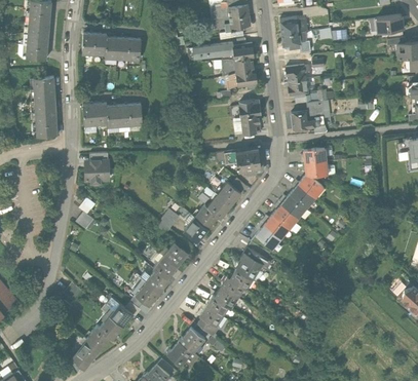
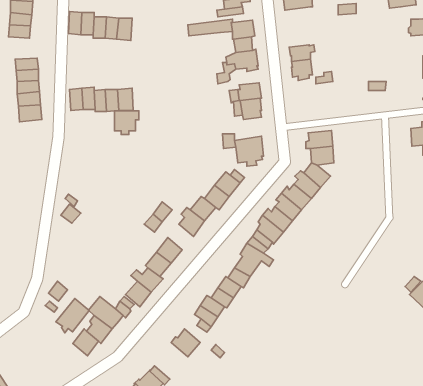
building: [281,31,310,50] -> none
building: [291,108,324,130] -> none
building: [85,161,108,183] -> [114,111,139,134]
building: [163,340,192,367] -> none
building: [69,341,100,373] -> [56,298,89,333]

